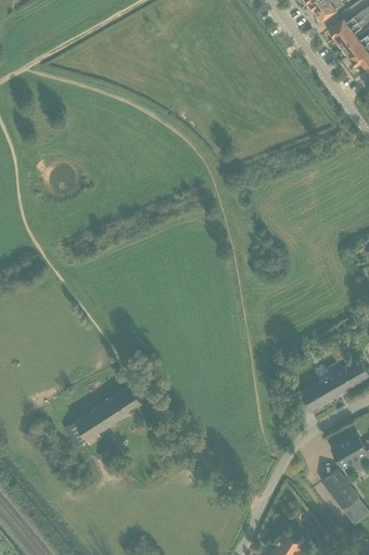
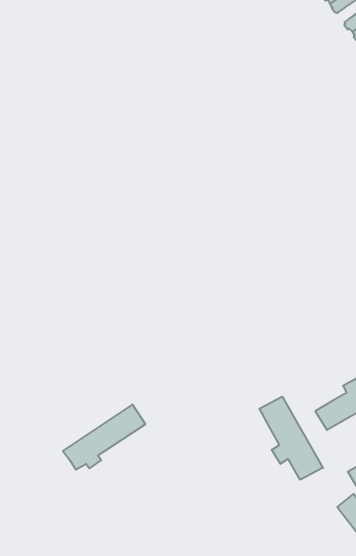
building: none -> [259,397,323,480]

